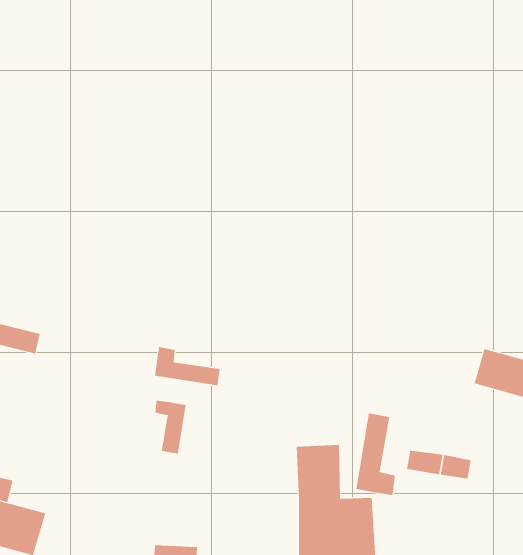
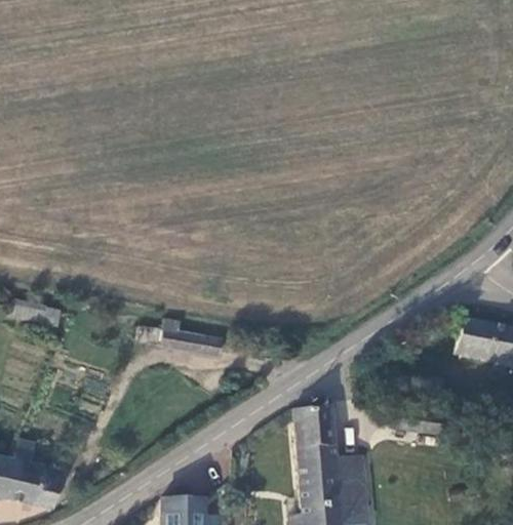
building: [155,400,186,454] -> none
building: [356,413,395,496] -> none

